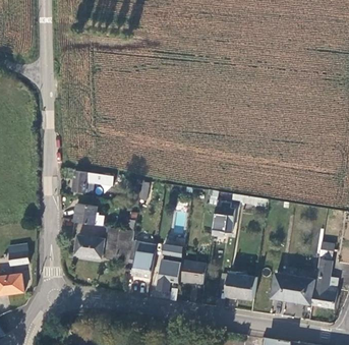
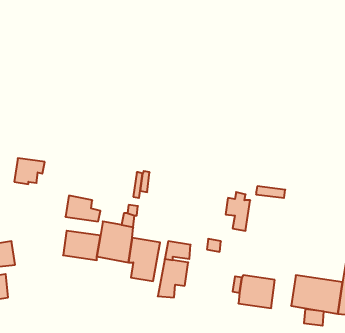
building: [72,171,99,193] -> [14,158,45,184]
building: [181,260,207,285] -> none

